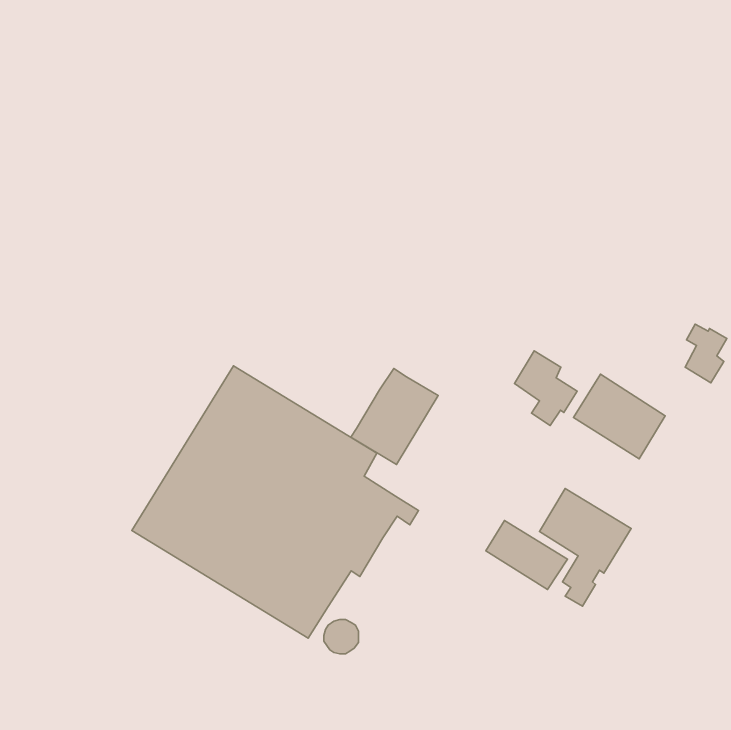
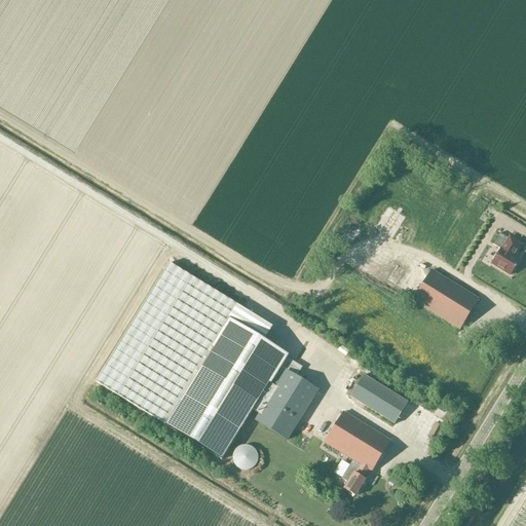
building: [514,351,577,426] -> none
building: [351,368,438,464] -> [255,370,317,439]
building: [539,488,631,606] -> [325,410,390,494]

